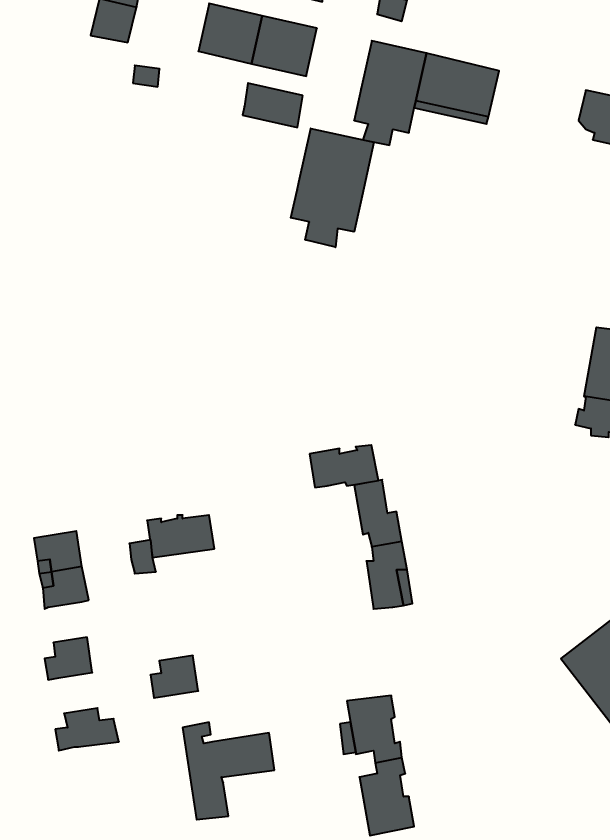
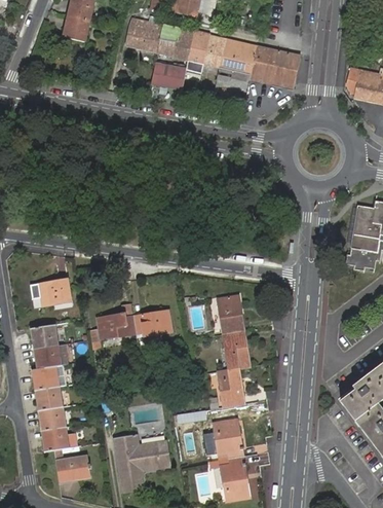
building: none -> [188,32,226,67]
building: [291,128,374,247] -> none
building: [310,445,378,487] -> [131,310,171,334]
building: none -> [37,278,70,306]
building: none -> [33,365,61,391]
building: none -> [219,368,244,406]
building: [150,656,198,698] -> [39,406,67,431]
building: none -> [55,457,91,481]

